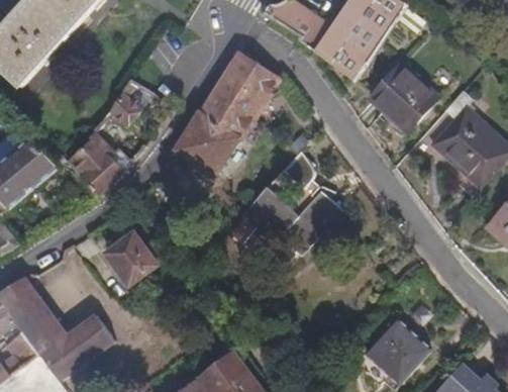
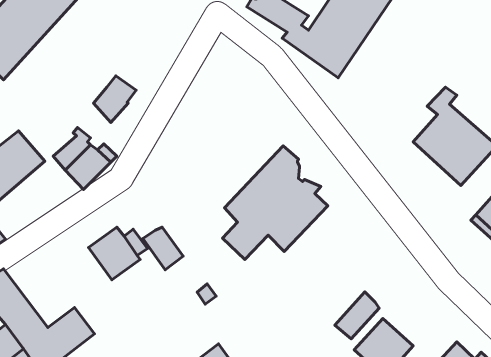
building: [175,53,276,174] -> none
building: [367,63,438,133] -> none
building: none -> [143,227,183,270]
building: none -> [335,292,379,339]

